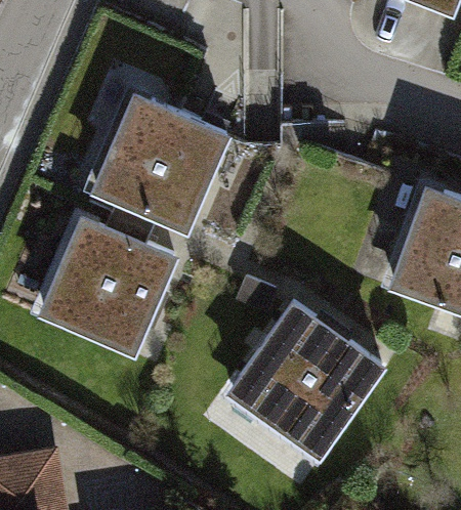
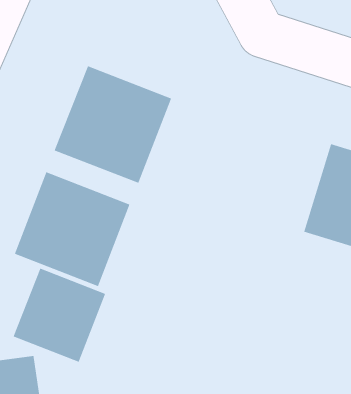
building: [223,297,388,463] -> none
building: none -> [13,268,106,363]

